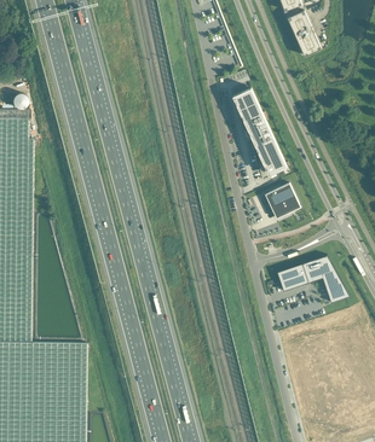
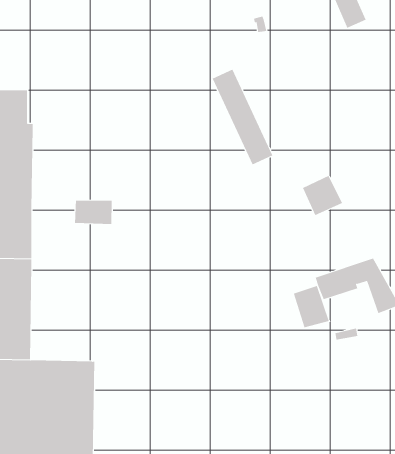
building: [232,88,285,171] -> [212,69,273,165]
building: none -> [75,200,112,225]
building: none -> [293,285,329,328]

